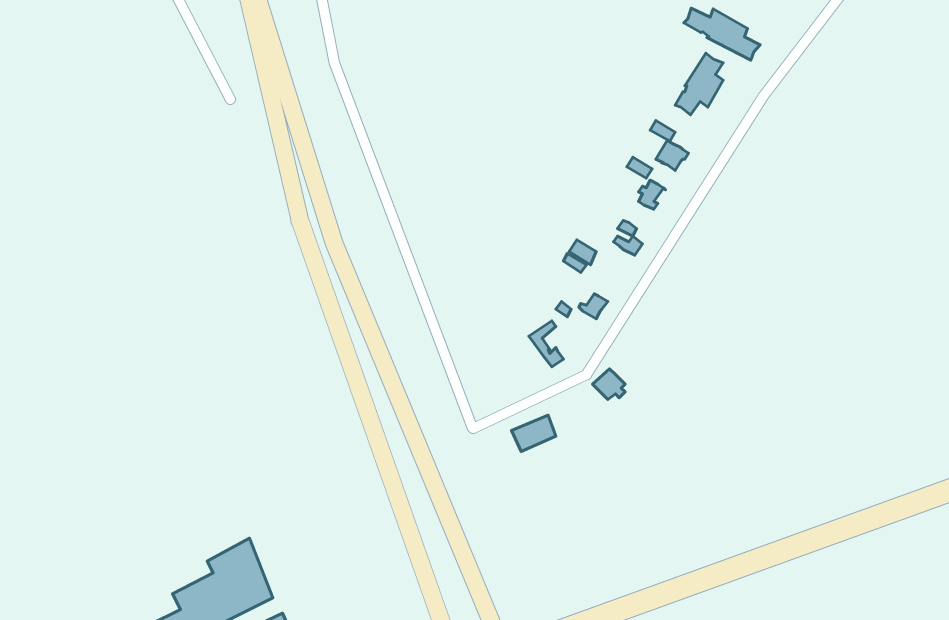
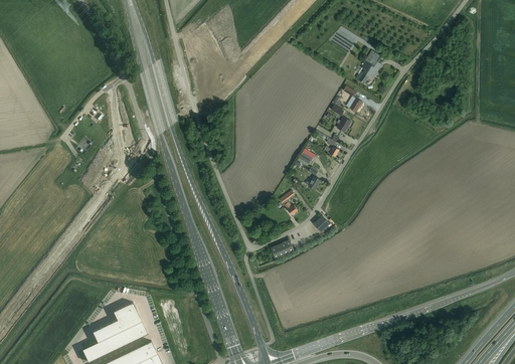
building: [684,8,760,60] -> none

